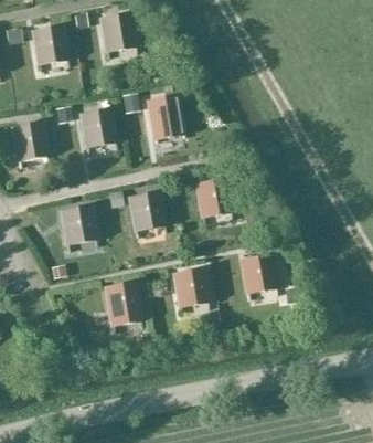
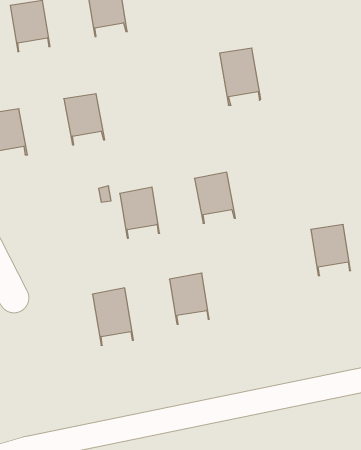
building: [148,95,184,146] -> [220,48,261,105]
building: [62,205,97,251] -> none
building: [242,254,277,299] -> [311,225,351,276]

